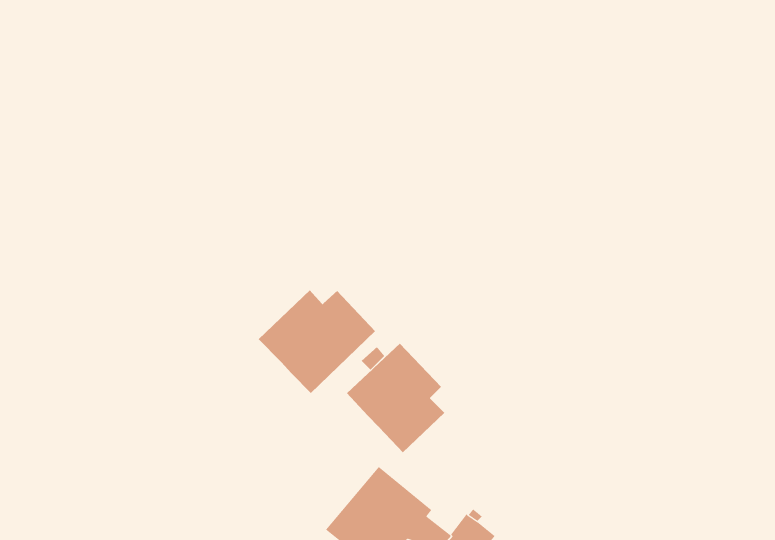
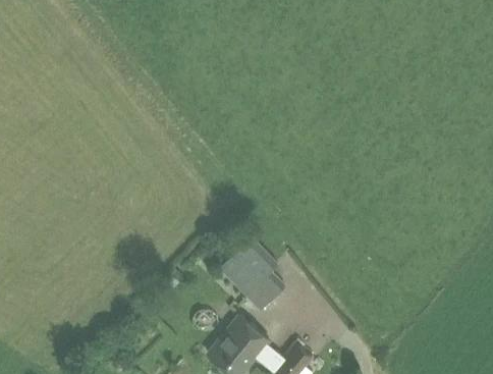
building: [258,290,376,394] -> none

